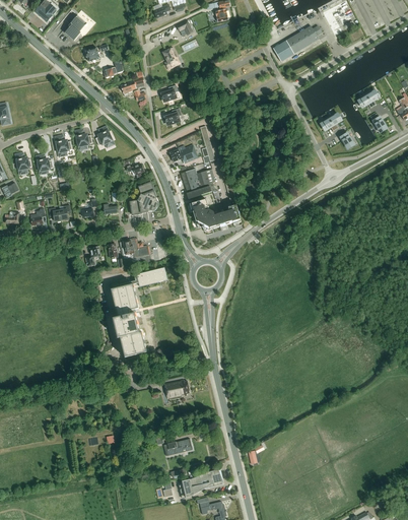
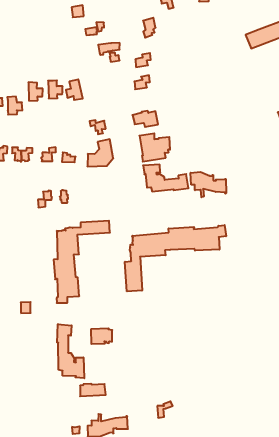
building: none -> [191,172,226,197]
building: [120,238,151,267] -> none
building: none -> [125,225,226,291]
building: none -> [57,324,84,378]

